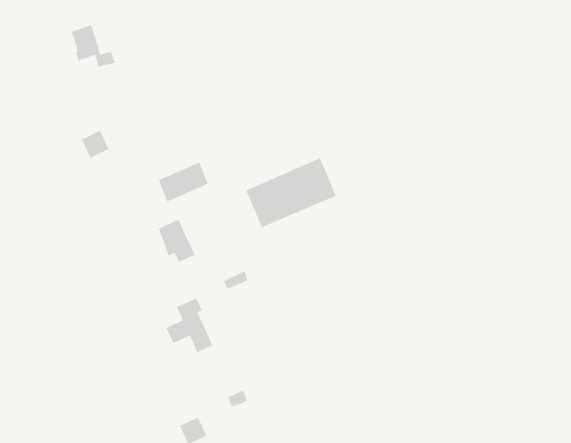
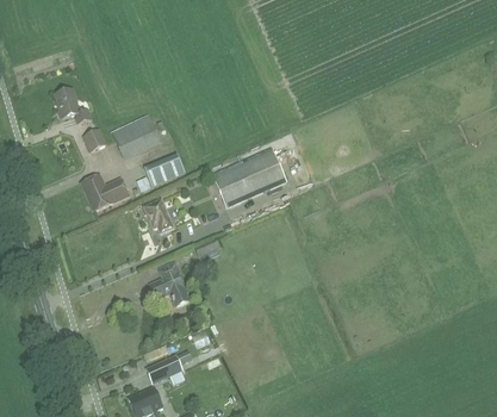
building: [71,24,116,68] -> [56,88,92,123]
building: none -> [111,114,157,153]
building: none -> [81,176,129,211]

